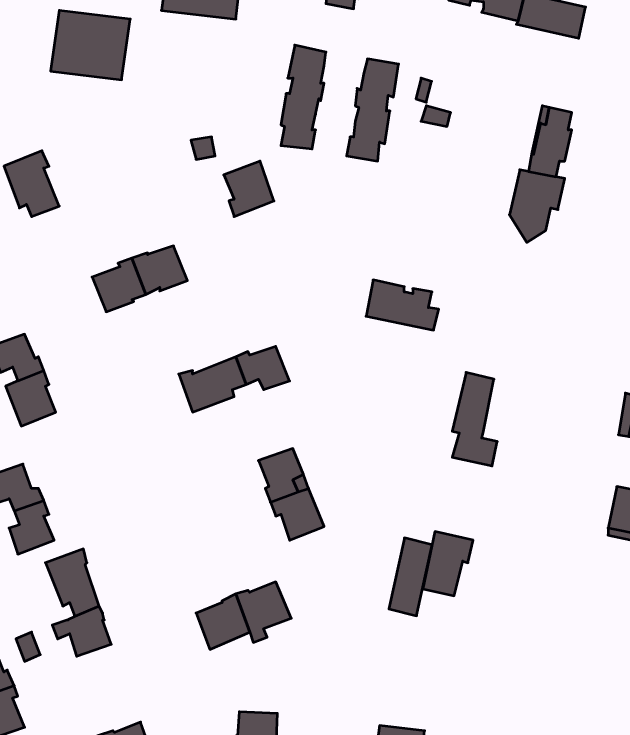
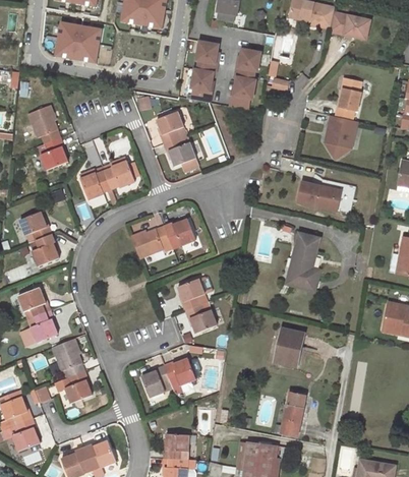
building: none -> [163,134,198,171]
building: none -> [41,137,67,169]
building: [366,280,439,330] -> [296,181,339,211]
building: [389,538,432,616] -> [280,392,305,437]

